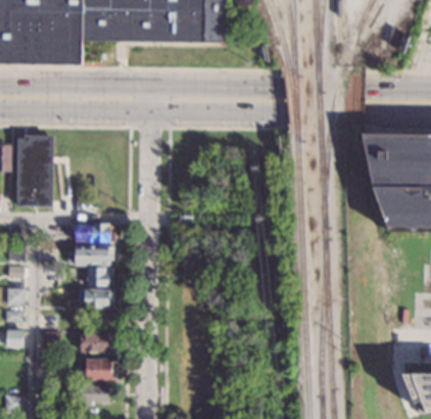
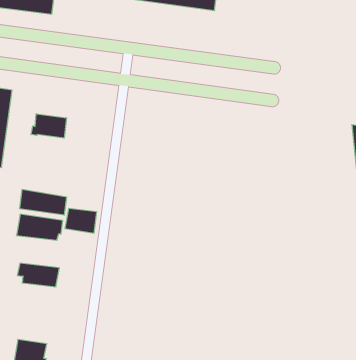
building: none -> [31,114,67,138]
building: [86,267,112,286] -> [65,208,97,233]
building: [79,331,113,351] -> none

